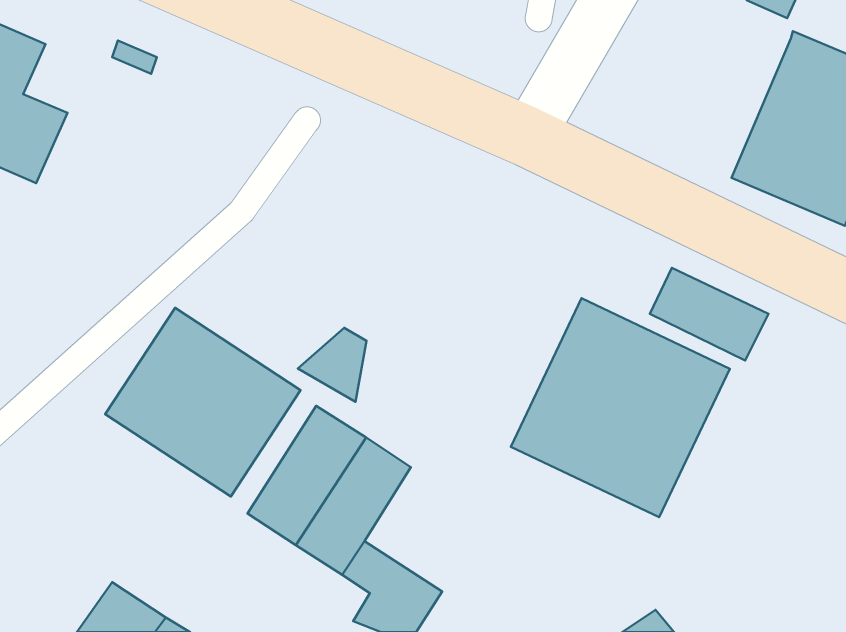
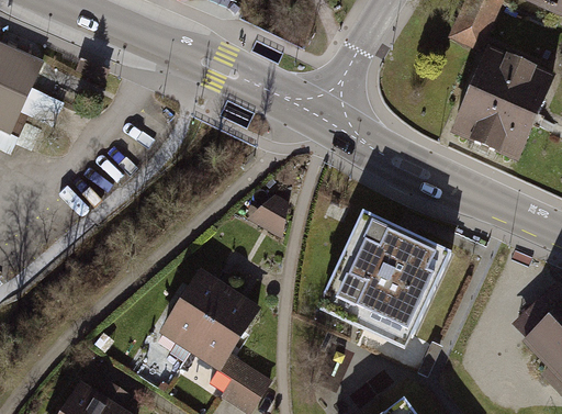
building: [650,268,768,361] -> none
building: [105,308,300,497] -> none
building: [298,328,366,402] -> [249,195,290,239]

